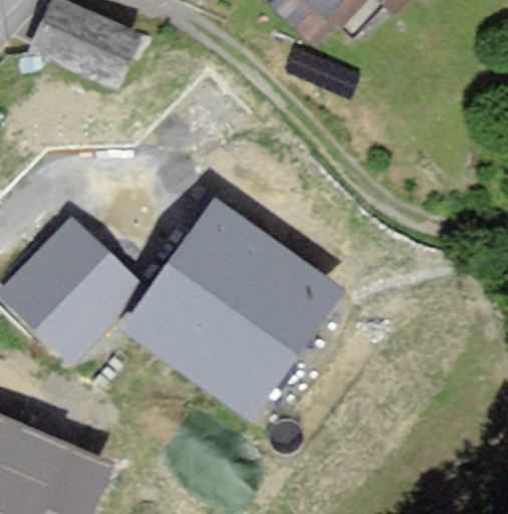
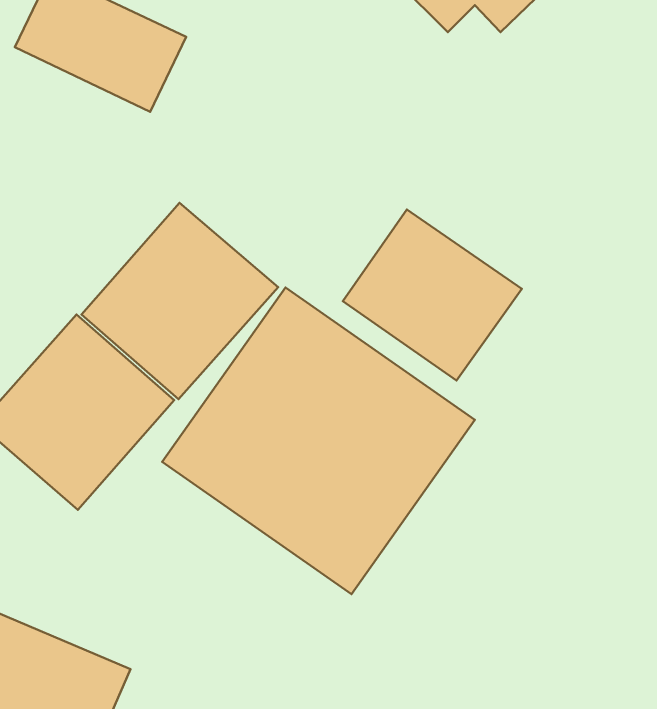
building: none -> [82,203,278,399]
building: none -> [343,210,522,381]

